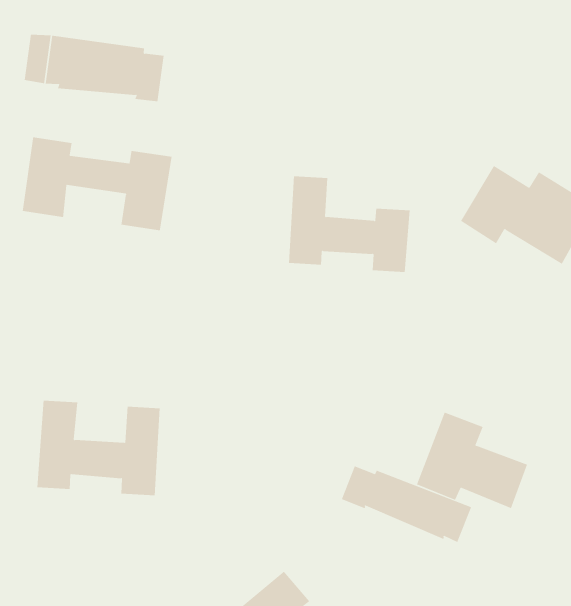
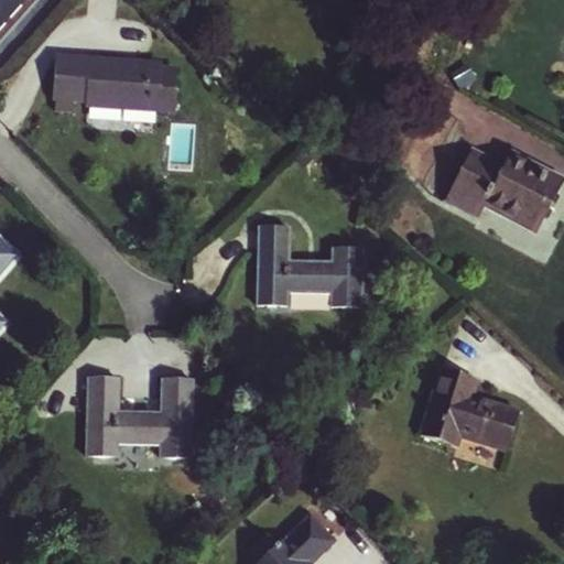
building: [22,137,172,231] -> none
building: [288,176,410,273] -> [258,226,362,305]
building: [341,465,472,543] -> none

